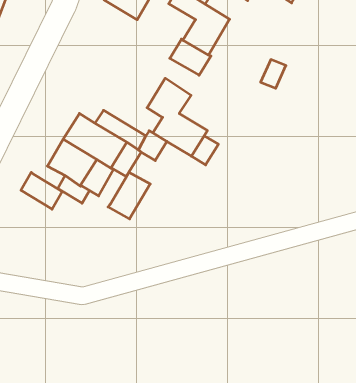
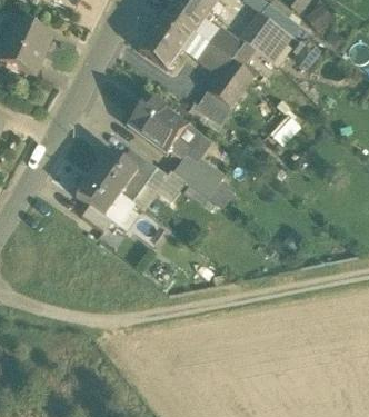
building: none -> [127,93,188,151]
building: [108,172,150,219] -> none
building: [21,172,62,209] -> none

